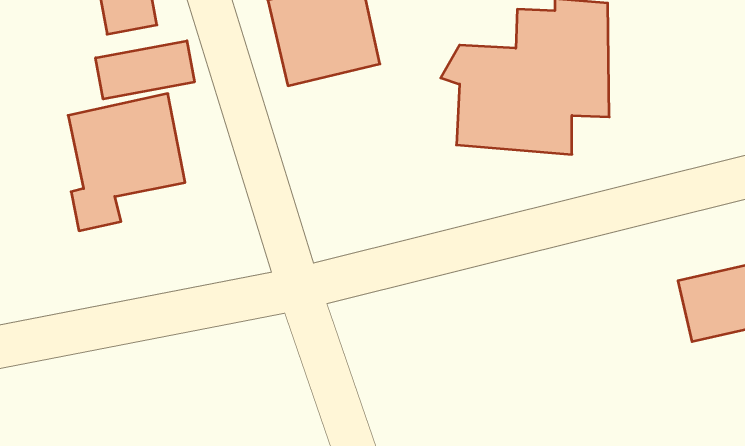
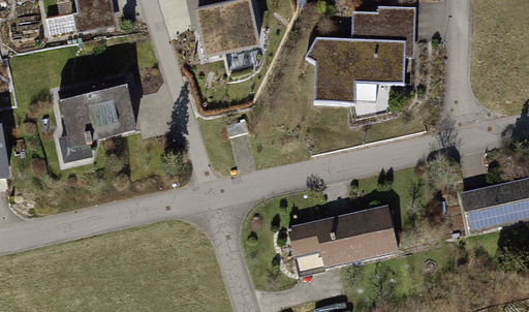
building: [96,41,194,99] -> none
building: none -> [288,201,401,271]

